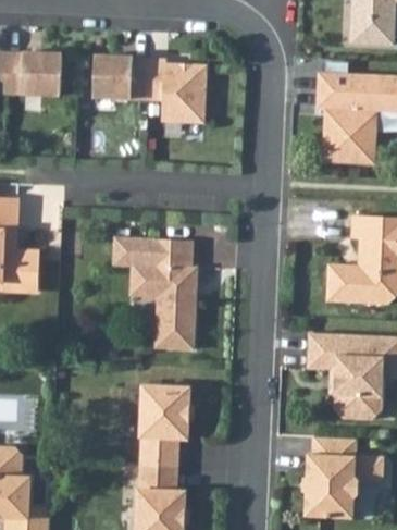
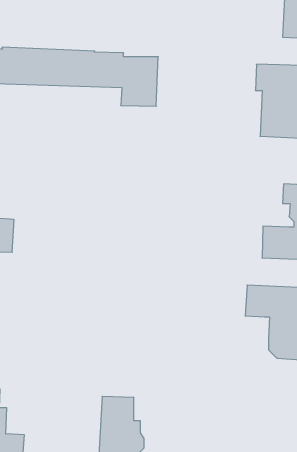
building: [113,237,198,350] -> none
building: [140,384,194,463] -> none
building: [306,433,360,515] -> none

